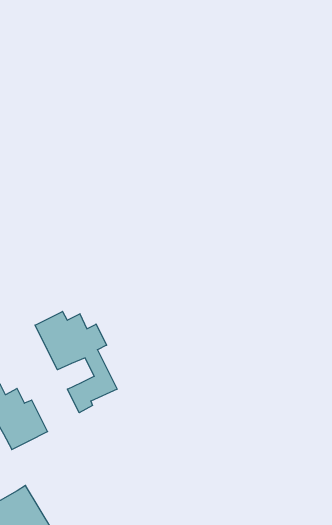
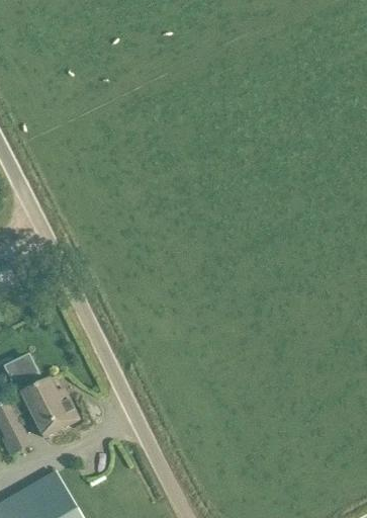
building: [35,311,117,413] -> none

